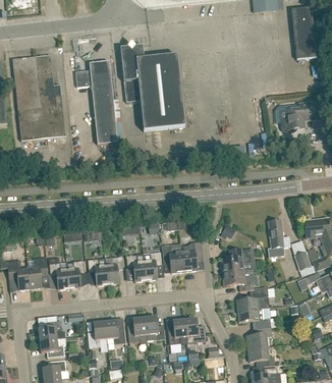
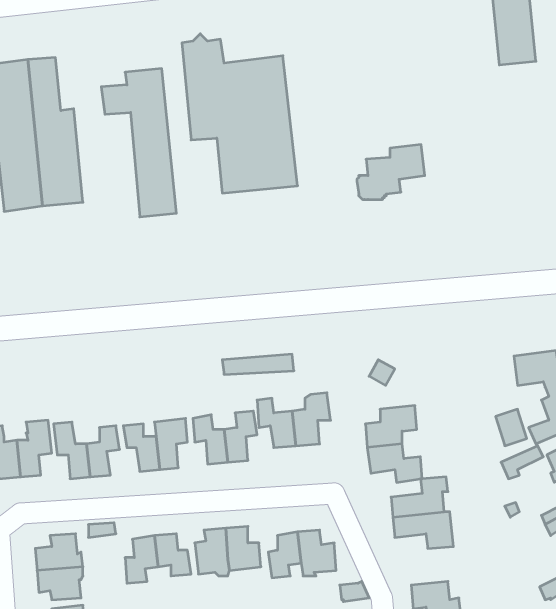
building: [280,101,318,131] -> [357,145,425,199]
building: [268,220,290,257] -> none
building: [246,327,272,348] -> none

